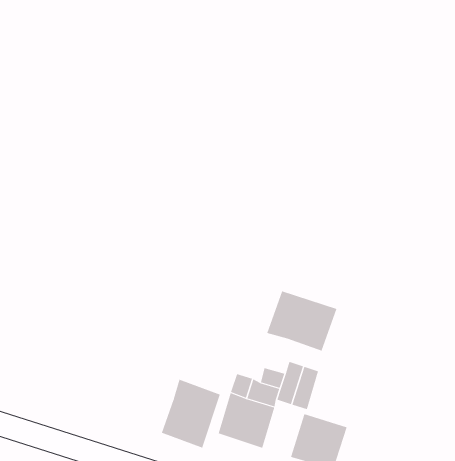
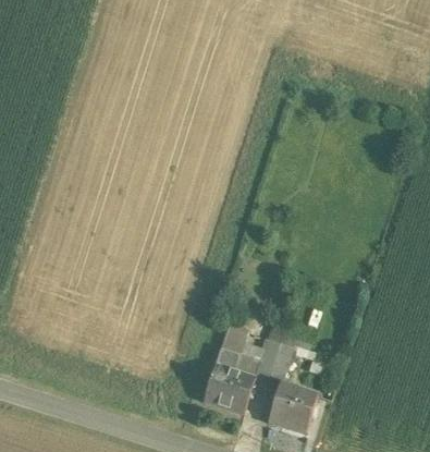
building: [266,291,337,351] -> none
building: [161,379,221,449] -> none

